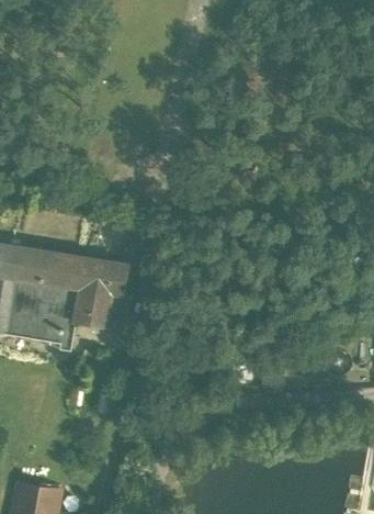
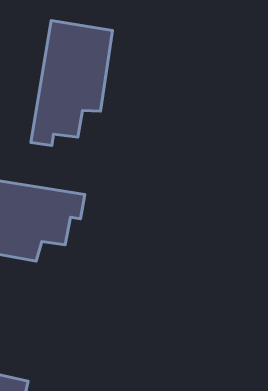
building: none -> [31,20,113,145]

